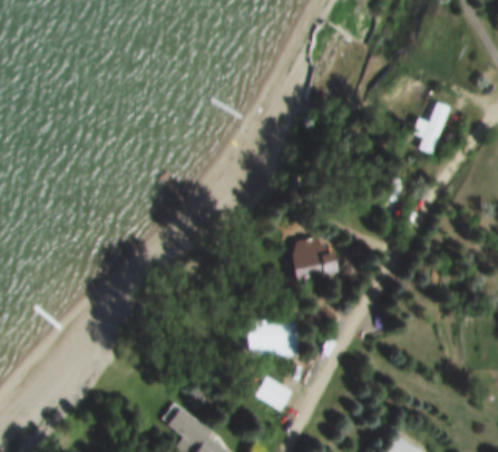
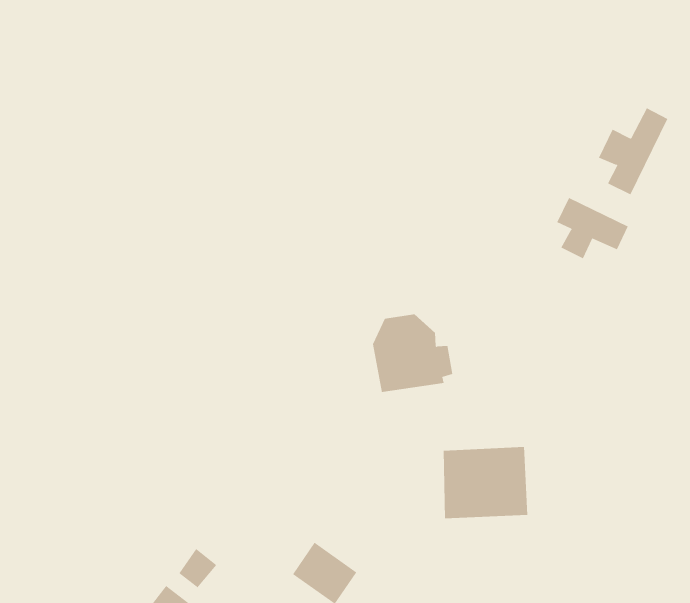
building: none -> [556,197,628,259]
building: [245,314,299,361] -> [443,447,528,519]

